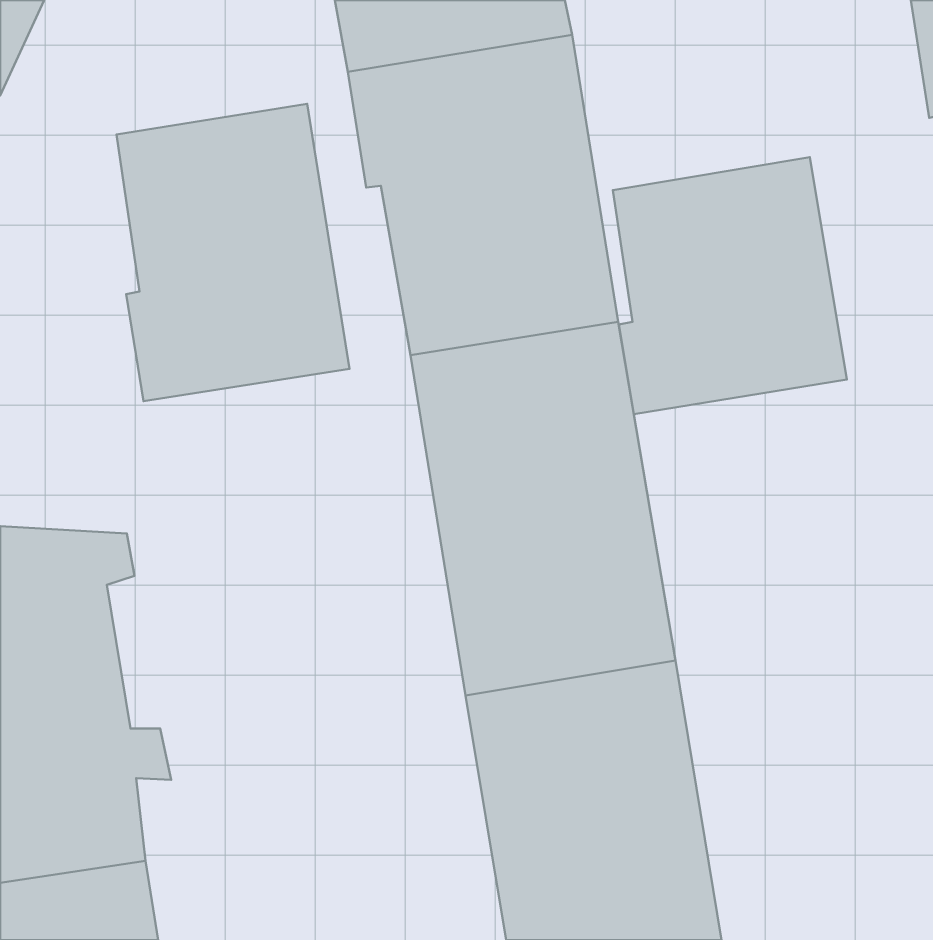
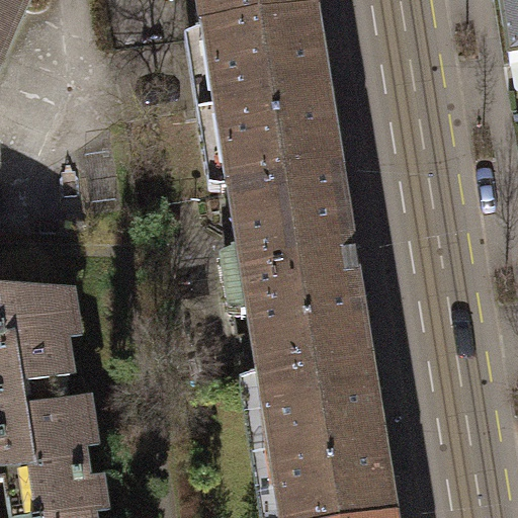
building: [116,104,350,401] -> none
building: [613,157,847,414] -> none

